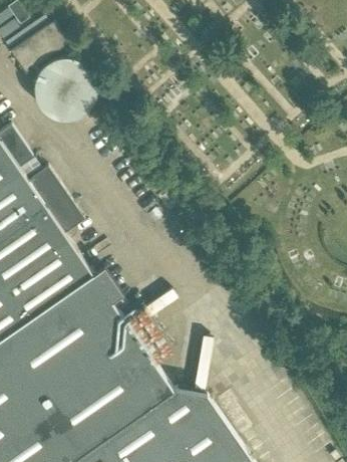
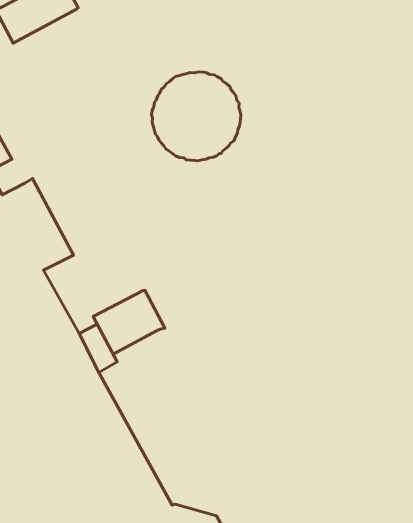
building: [32,58,95,122] -> [152,72,241,161]
building: none -> [93,290,165,354]

